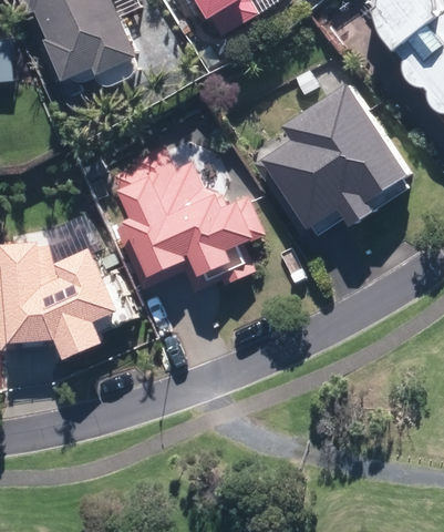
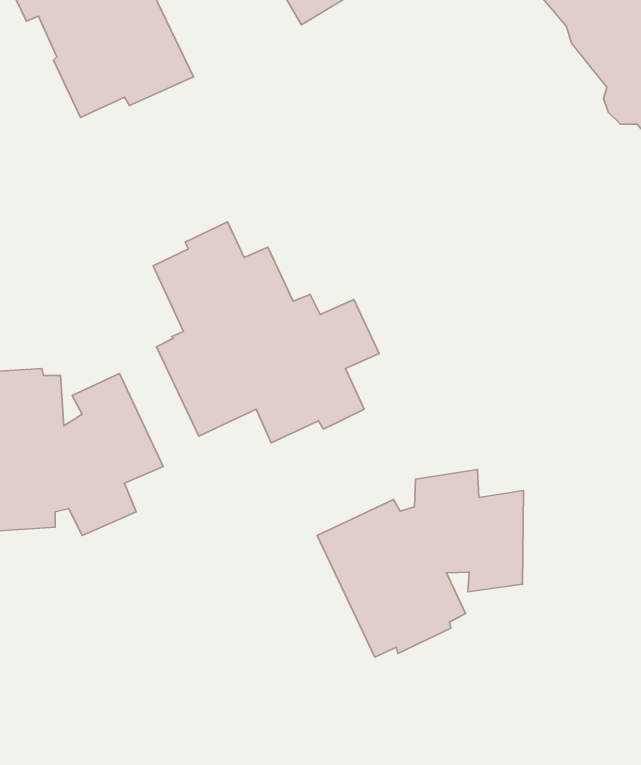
building: [251,84,405,238] -> none
building: none -> [317,469,523,657]

